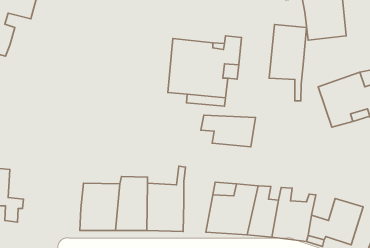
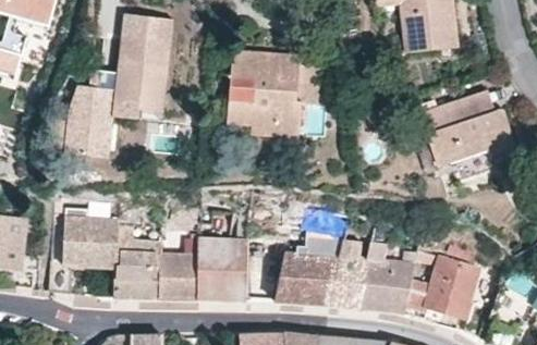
building: none -> [69,9,176,152]
building: [269,25,307,101] -> none
building: [201,115,256,147] -> none
building: none -> [48,209,117,294]

